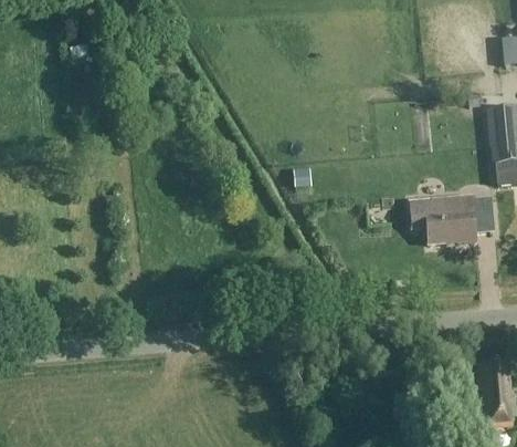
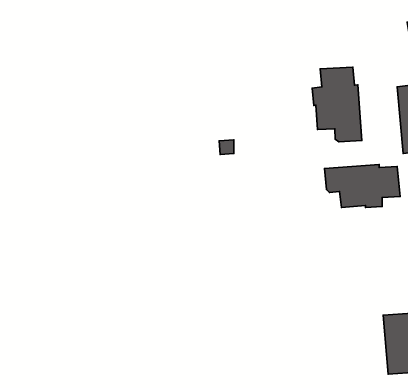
building: none -> [312,67,362,142]

